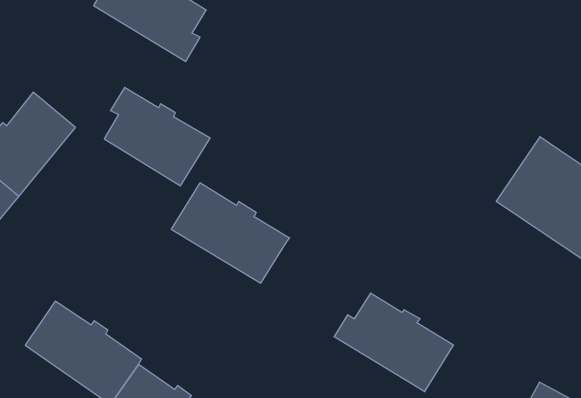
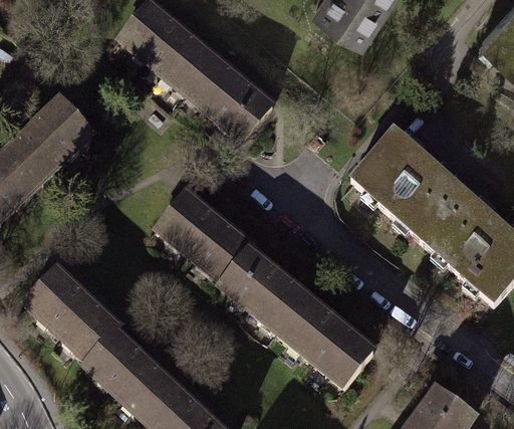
building: none -> [351,129,465,239]
building: [104,87,210,186] -> [188,53,273,139]
building: none -> [221,249,311,331]

